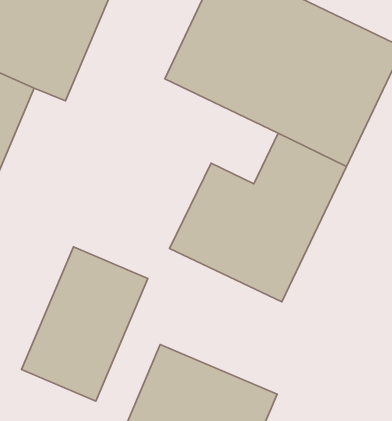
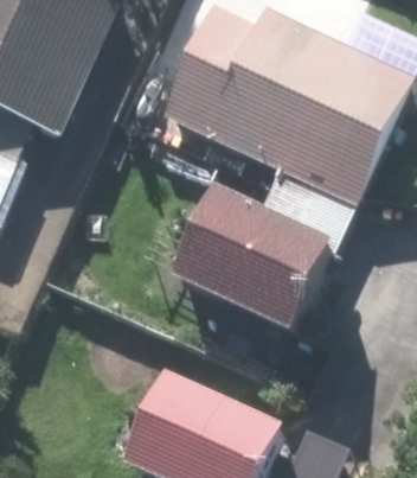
building: [21,247,148,401] -> none

